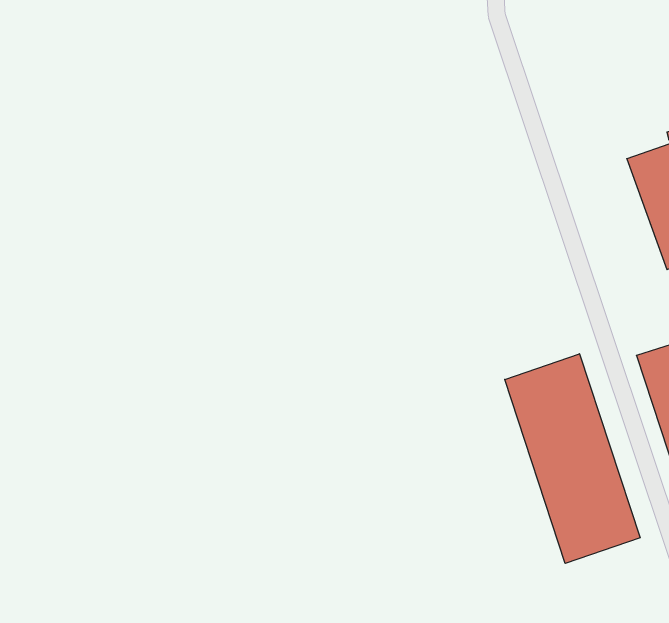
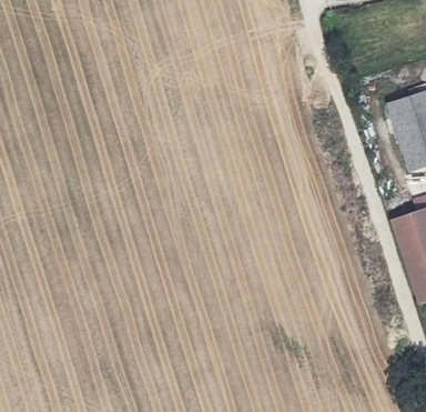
building: [505,354,640,563] -> none

